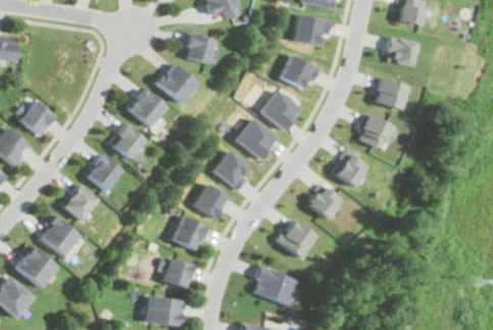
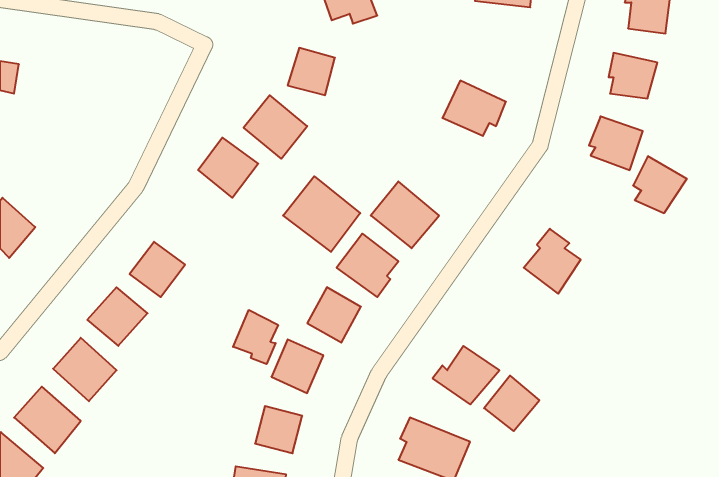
building: [295,14,334,46] -> none
building: [261,90,301,130] -> none
building: [17,101,53,137] -> none
building: [357,112,391,148] -> [633,156,687,213]
building: none -> [283,176,360,252]
building: [109,124,146,160] -> none
building: [308,185,343,220] -> [484,376,539,431]
building: none -> [233,310,278,364]

